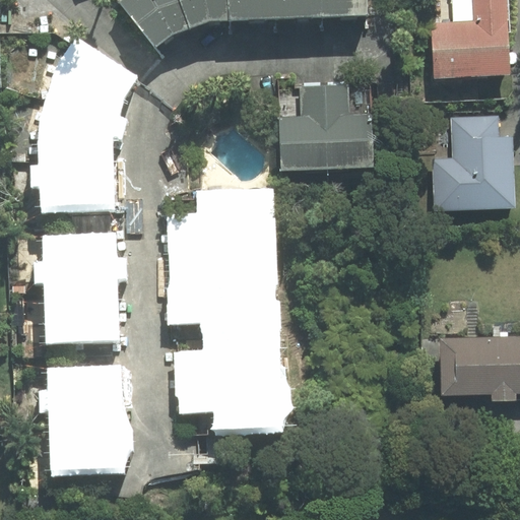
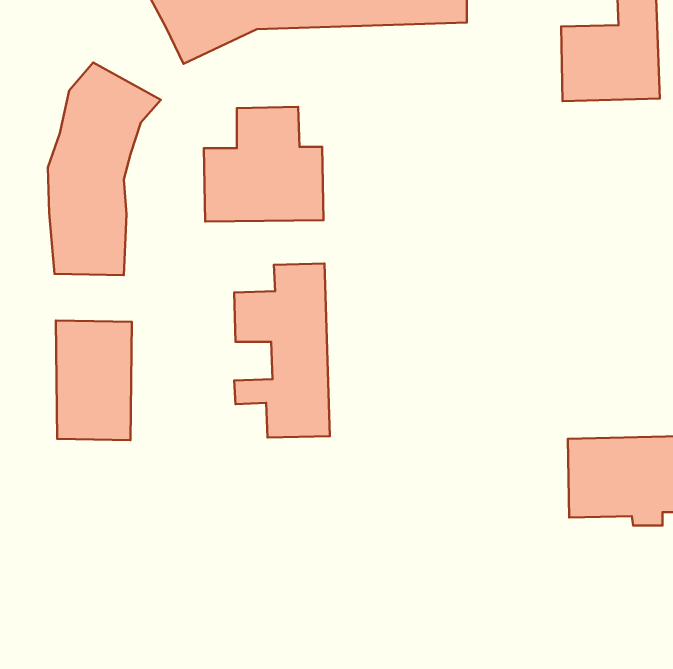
building: [276,83,368,171] -> [204,107,323,221]
building: [444,115,515,206] -> none
building: [191,342,267,428] -> none
building: [52,374,110,467] -> none

